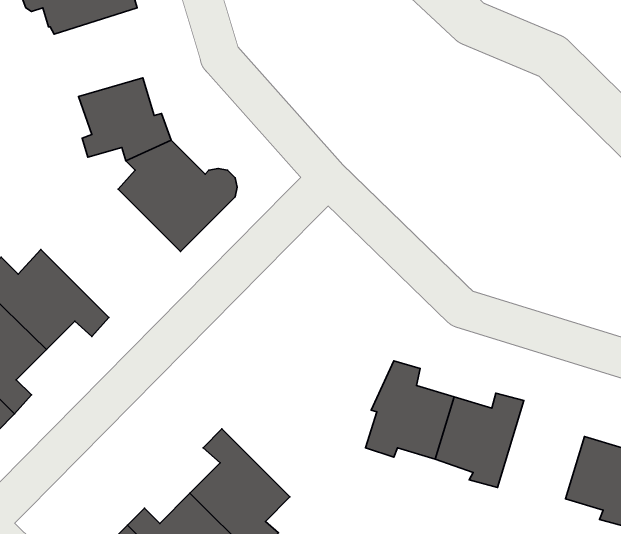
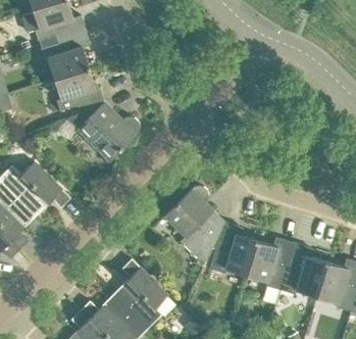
building: none -> [39,31,90,79]
building: none -> [163,186,223,262]
building: none -> [279,243,326,296]

